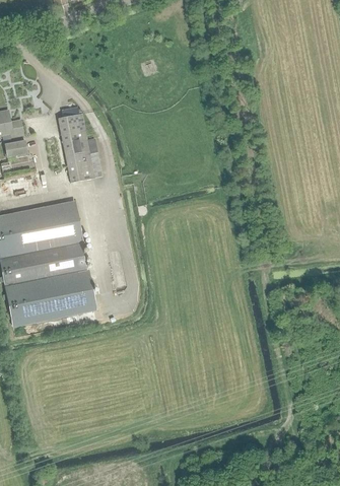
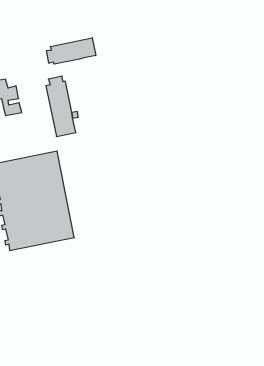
building: none -> [47,38,96,64]

